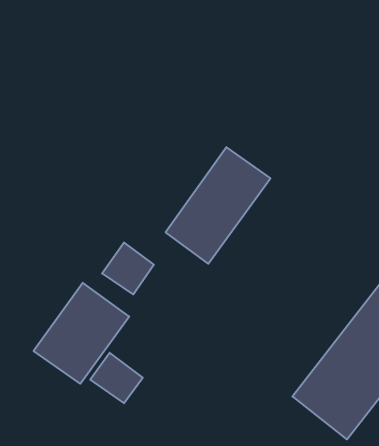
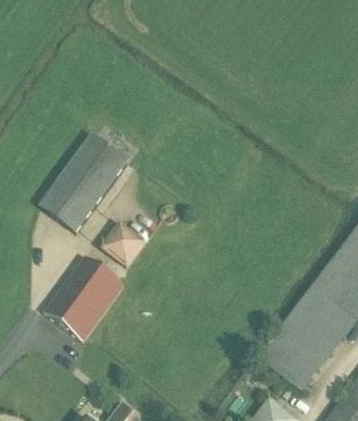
building: [166,147,270,264] -> [40,133,128,231]
building: [90,353,143,403] -> none

